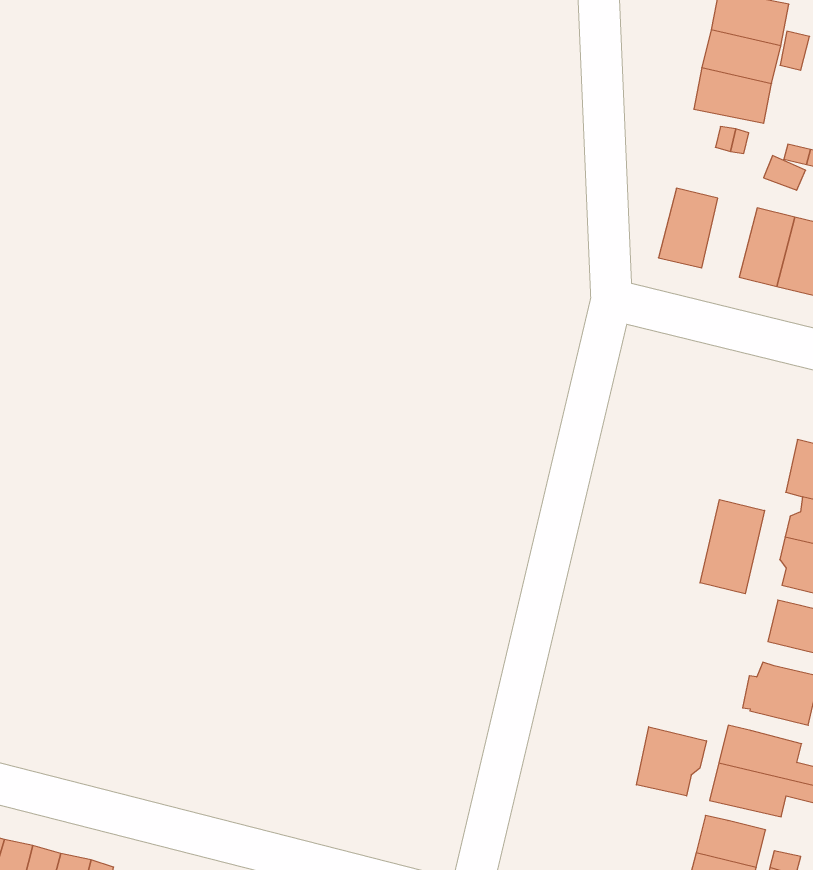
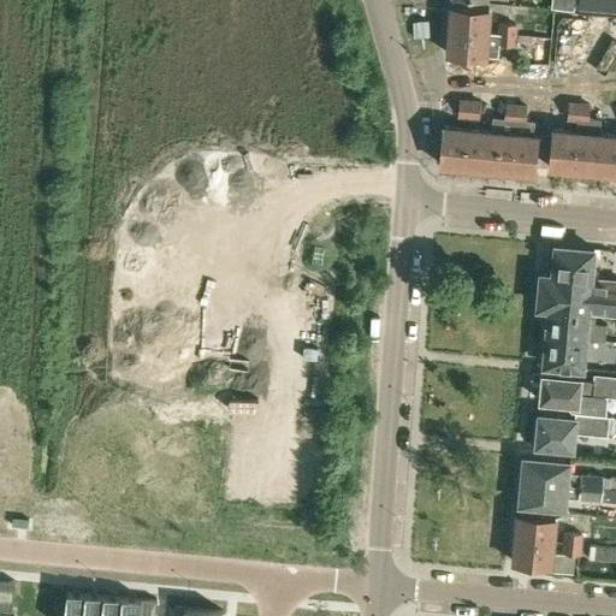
building: none -> [466,135,494,182]
building: [700,500,765,594] -> none
building: [636,727,706,796] -> none

